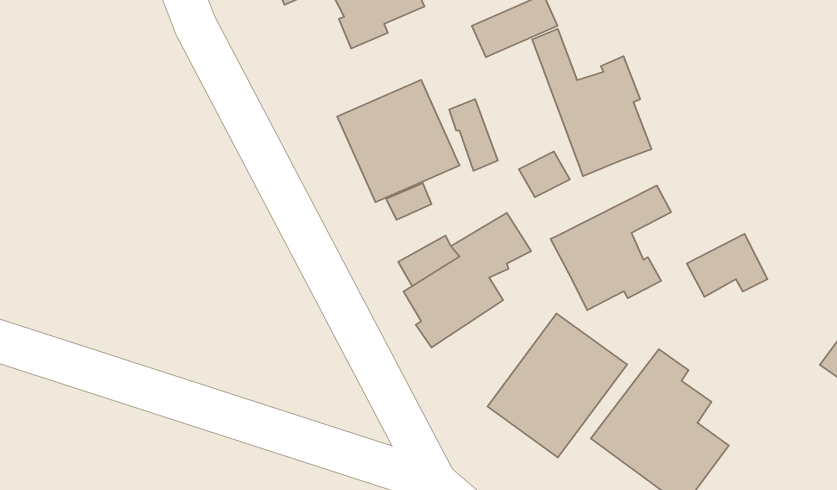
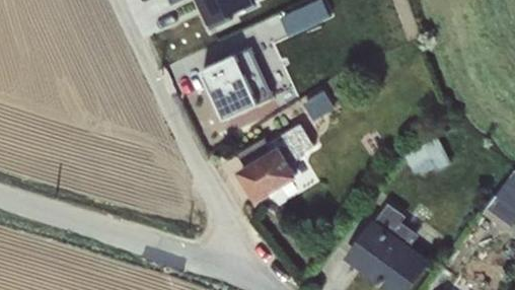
building: [532,29,652,176] -> none
building: [550,186,671,310] -> none
building: [487,313,627,457] -> none

